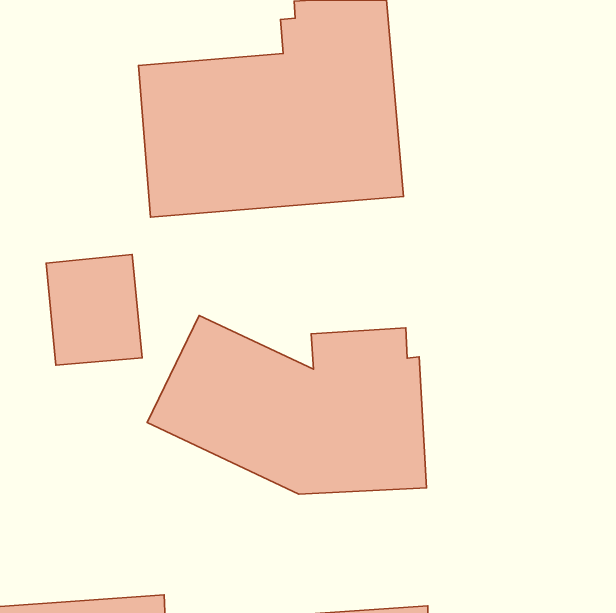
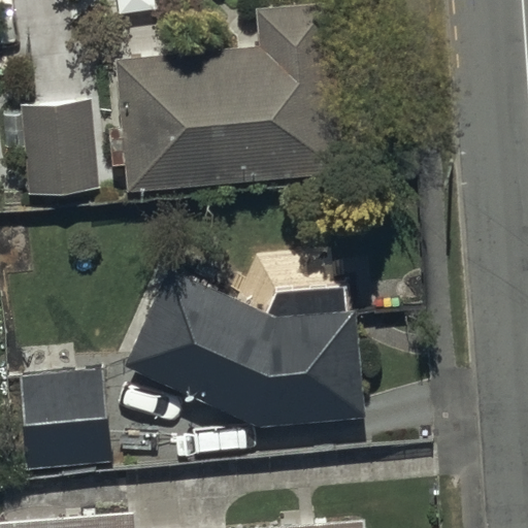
building: [46,255,142,365] -> [18,102,99,196]
building: none -> [16,372,109,472]

